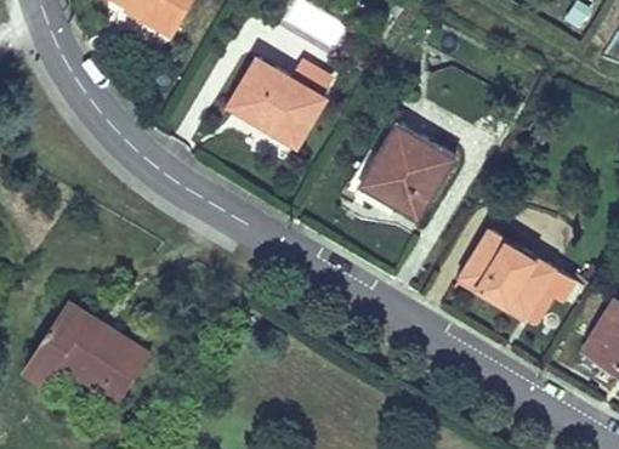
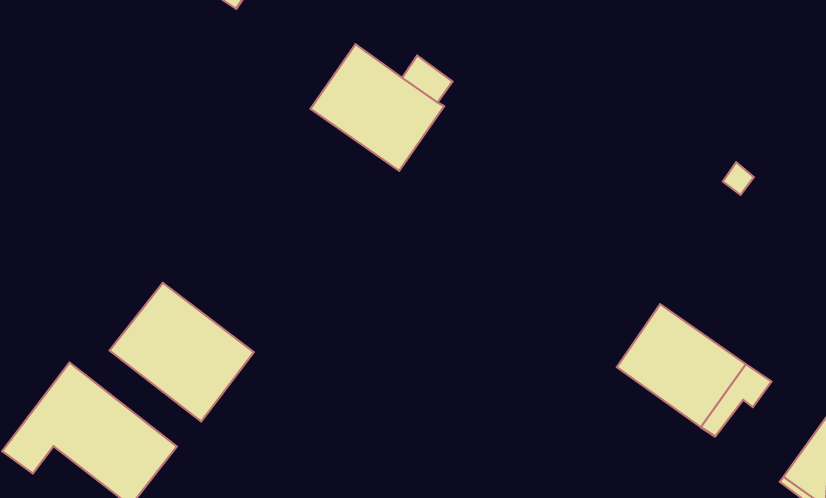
building: [358,124,454,220] -> none
building: none -> [109,283,254,422]

